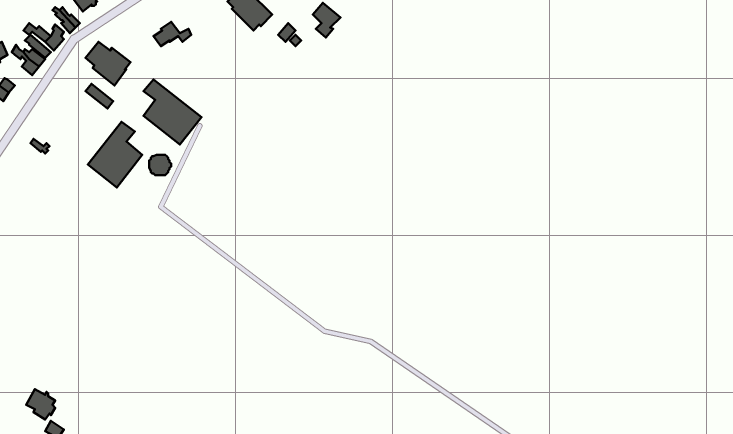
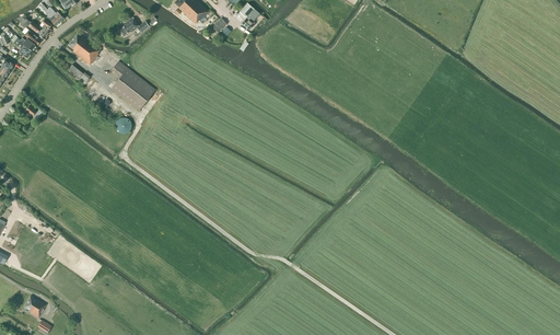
building: [88,122,142,187] -> none

